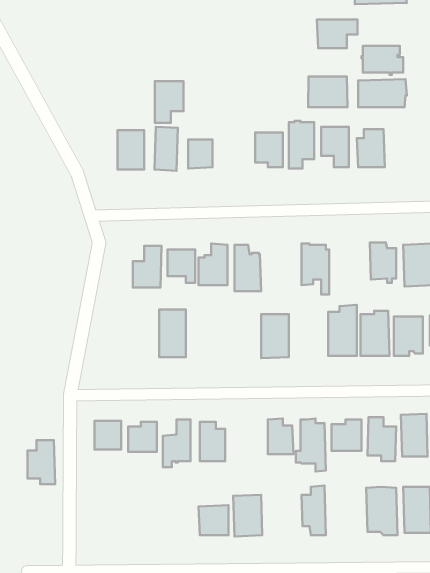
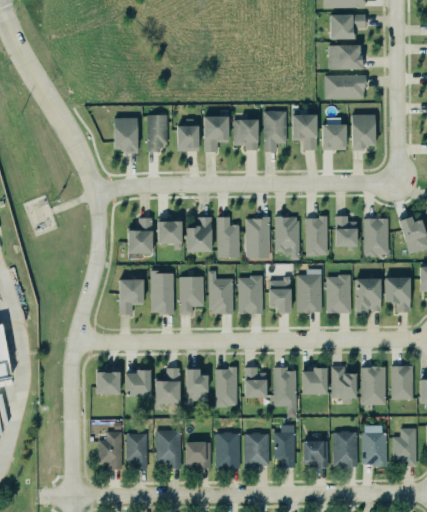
building: [317,19,357,48] -> [330,15,365,40]
building: [308,77,347,107] -> none
building: [155,81,184,123] -> [204,117,229,153]
building: none -> [351,114,374,150]
building: none -> [245,217,269,258]
building: none -> [306,218,328,256]
building: none -> [176,271,203,315]
building: none -> [209,271,233,314]
building: none -> [268,276,290,313]
building: none -> [119,280,144,316]
building: none -> [211,360,238,408]
building: [27,440,55,484] -> [97,431,121,469]
building: none -> [155,430,180,469]
building: none -> [244,433,270,468]
building: none -> [127,434,148,470]
building: none -> [303,441,328,467]

